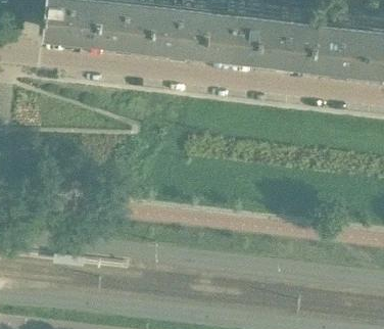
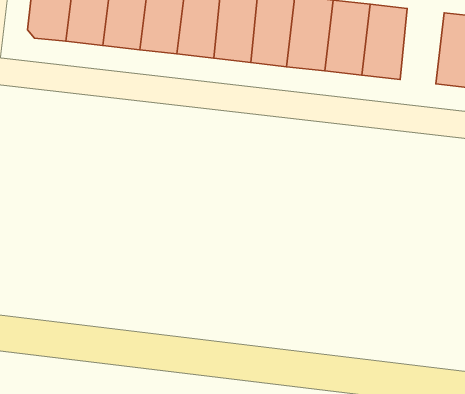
building: [309,19,341,74] -> none

